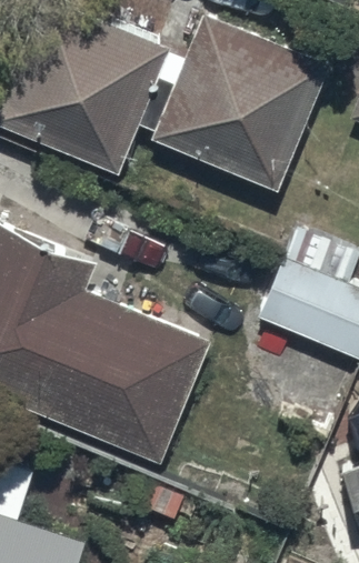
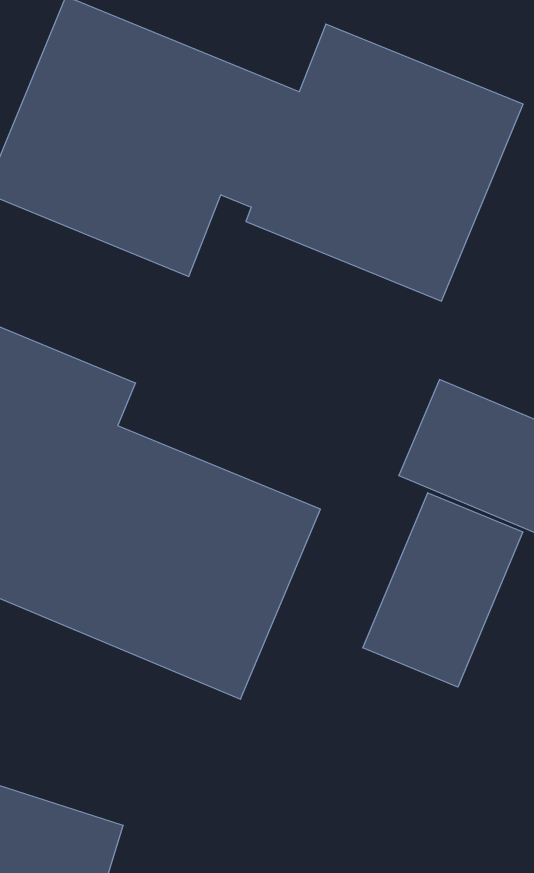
building: none -> [363,493,523,687]

